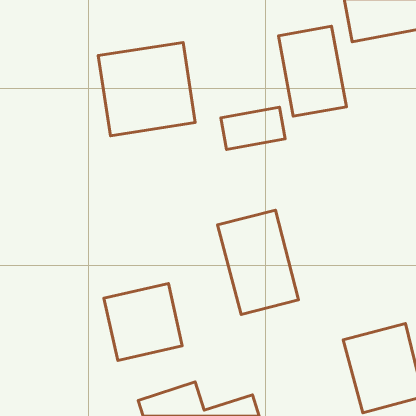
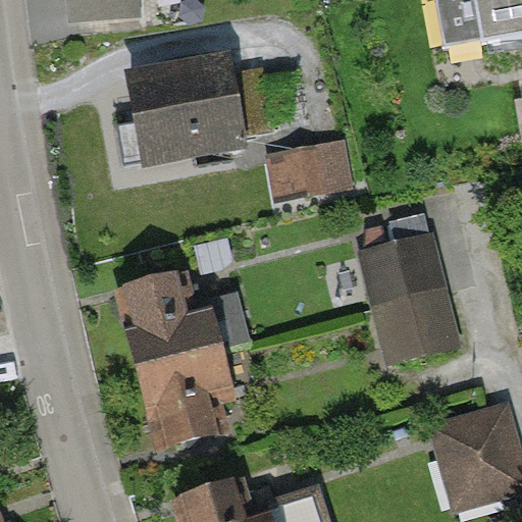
building: [278,26,346,116] -> none
building: [217,210,298,315] -> [361,237,462,367]
building: none -> [113,276,212,372]

